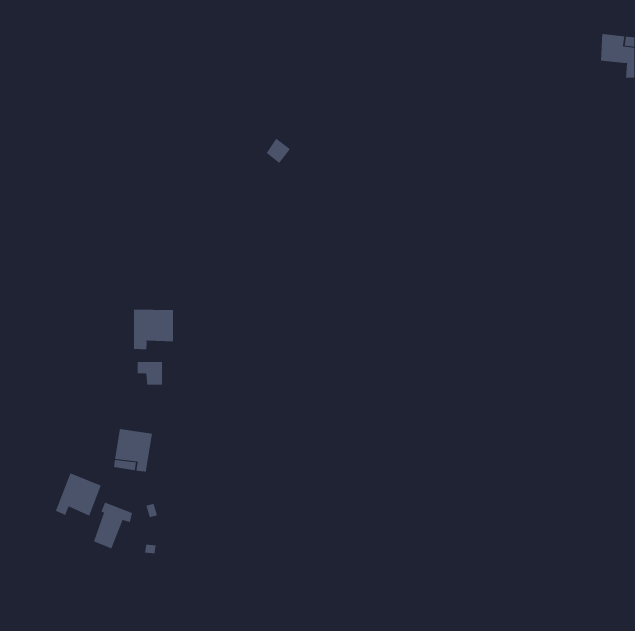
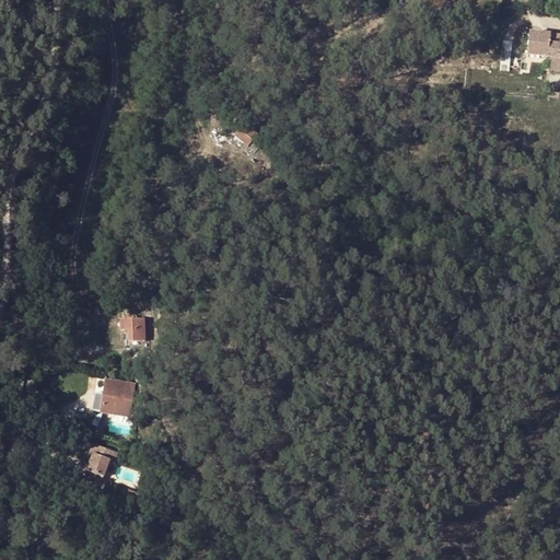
building: [134,309,173,350] -> none
building: [55,473,102,516] -> none

